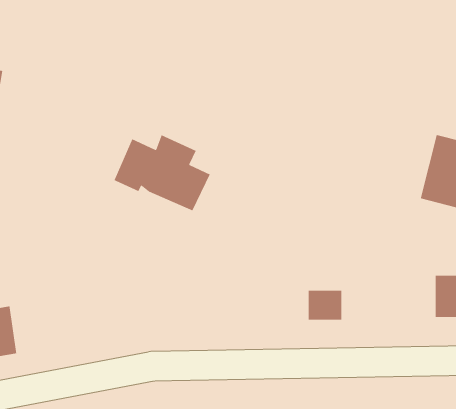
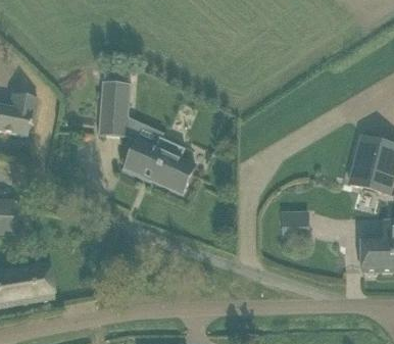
building: none -> [98,81,131,137]
building: [308,290,342,320] -> [283,212,308,235]

